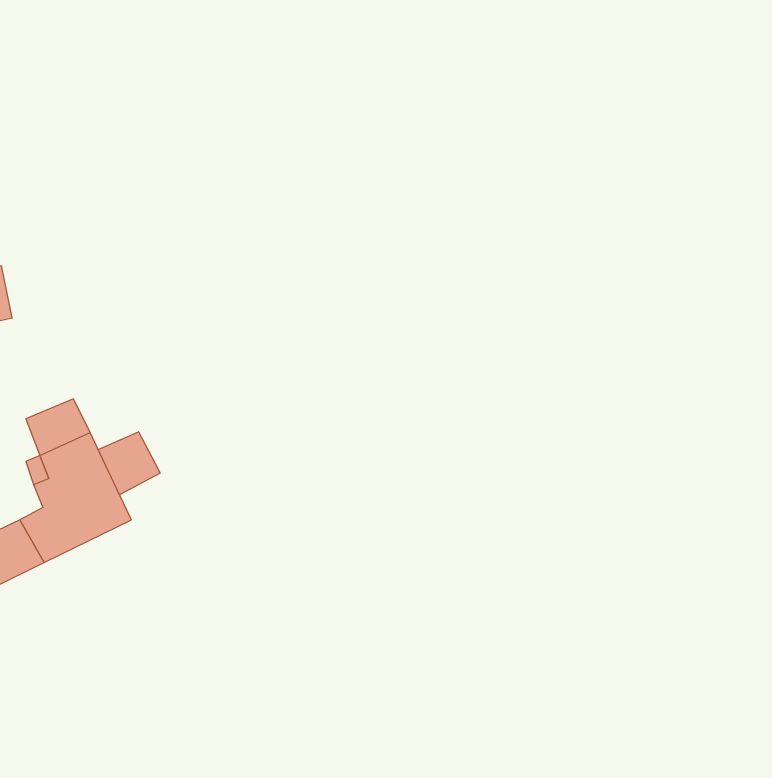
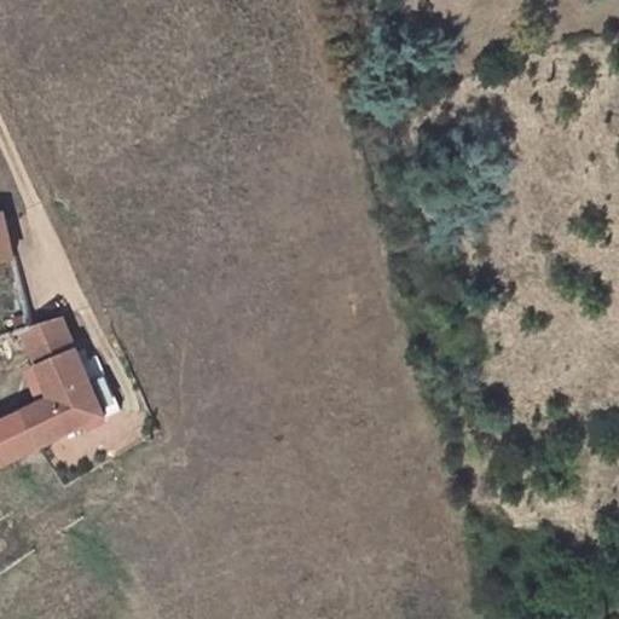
building: [98,432,160,495] -> none

